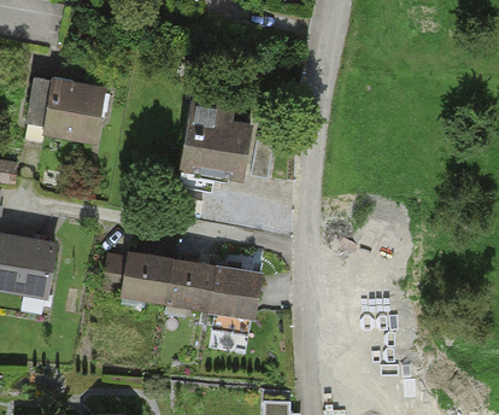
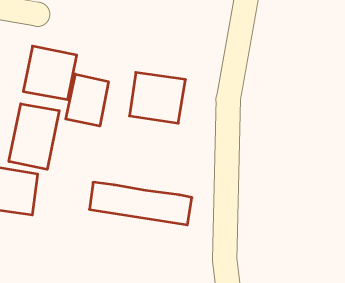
building: none -> [66,74,108,126]
building: none -> [9,104,59,169]

